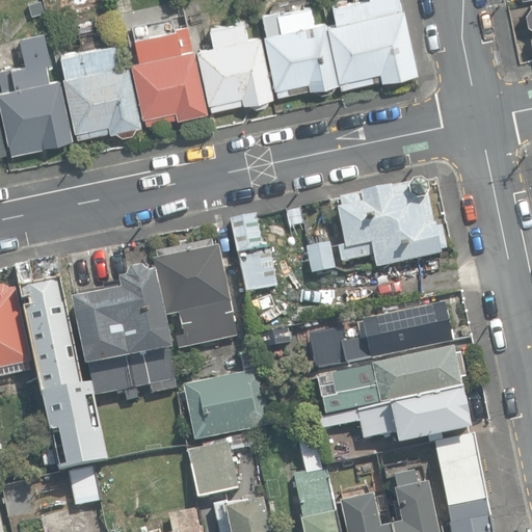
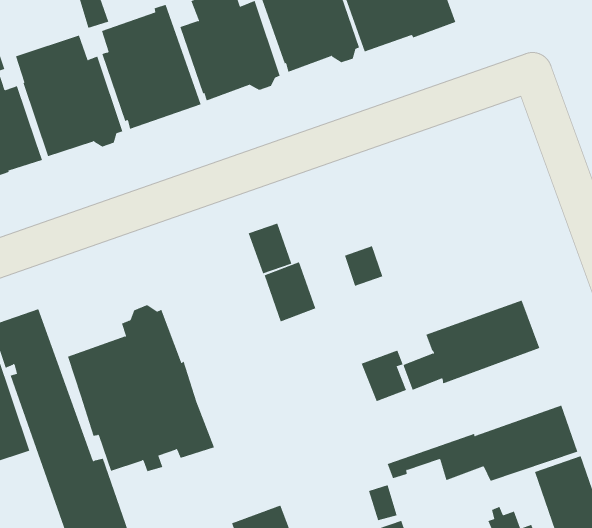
building: [337,181,446,268] -> none
building: [151,240,237,348] -> none
building: [320,347,460,416] -> none
building: [181,349,270,441] -> none

